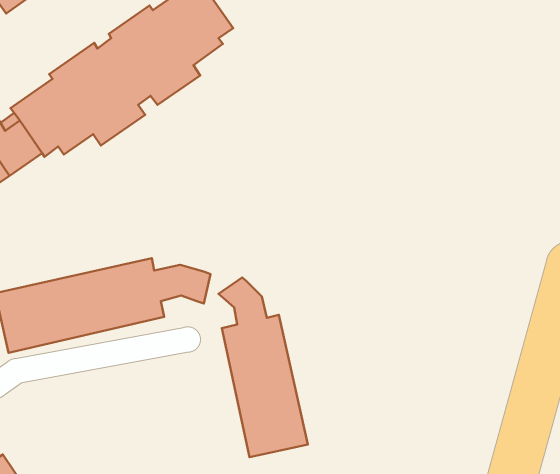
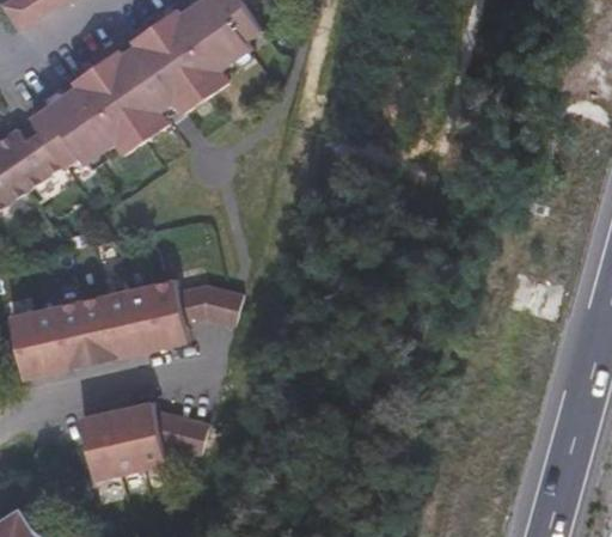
building: [219,277,308,457] -> none
building: none -> [78,403,203,480]

